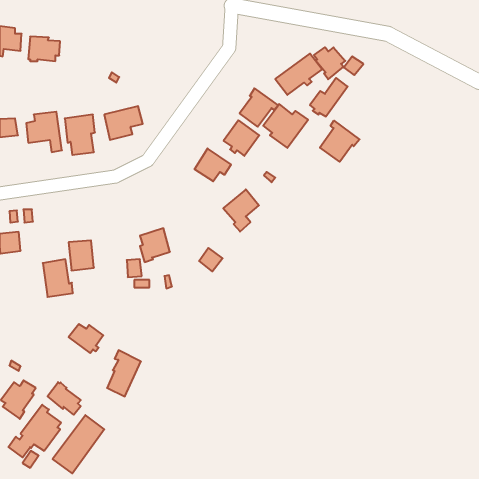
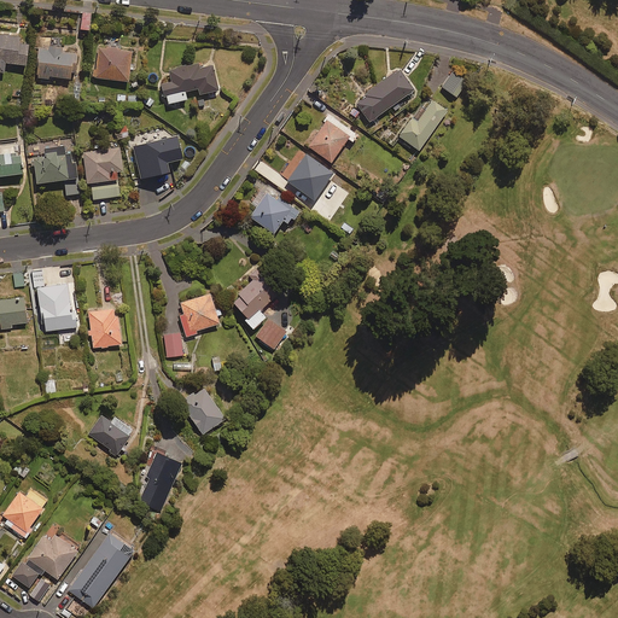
building: none -> [95,46,132,81]
building: [314,47,345,79] -> none
building: none -> [162,64,218,104]
building: [263,104,308,148] -> none
building: [320,121,360,162] -> none
building: [223,189,259,232] -> [231,275,276,330]
building: [43,259,73,297] -> [37,284,76,332]
building: none -> [182,387,225,435]
building: [48,382,81,415] -> none

